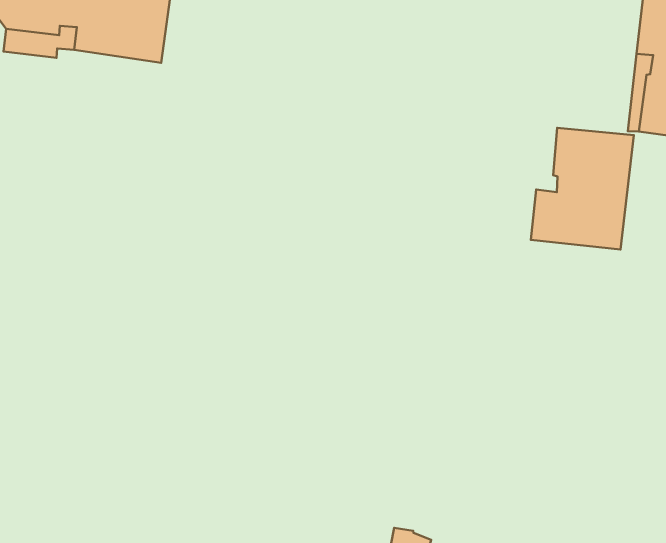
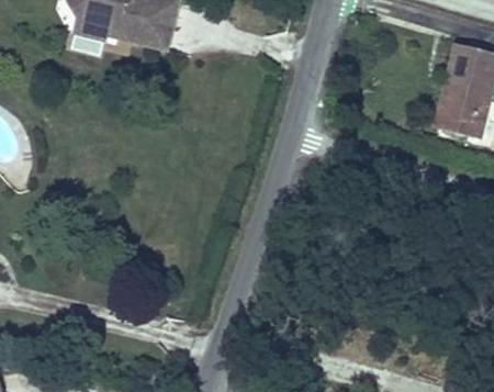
building: [531,128,634,249] -> none

